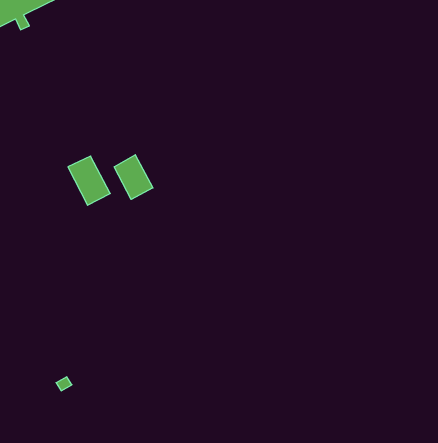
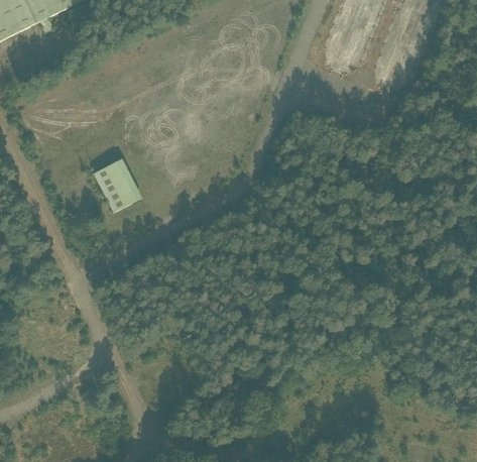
building: [114,155,153,199] -> none

